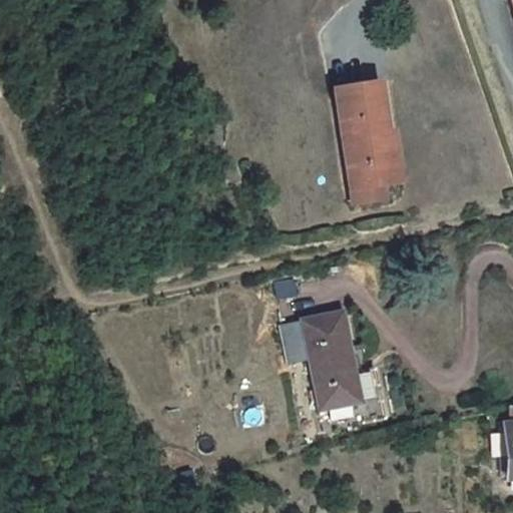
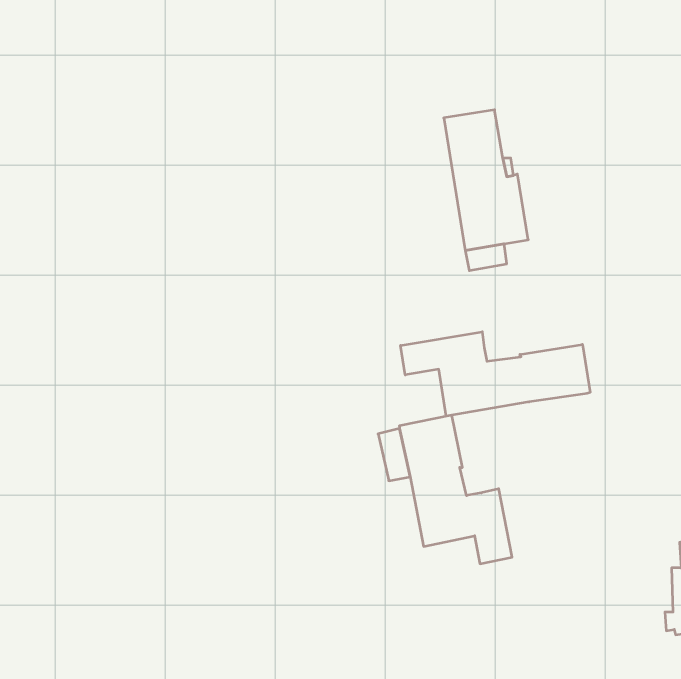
building: none -> [401,332,590,416]

